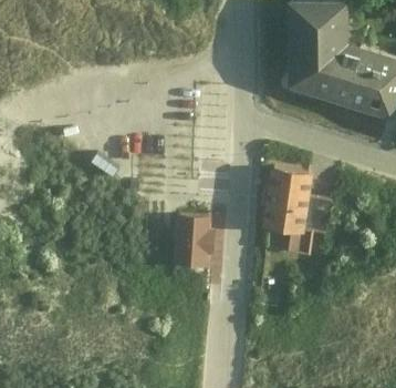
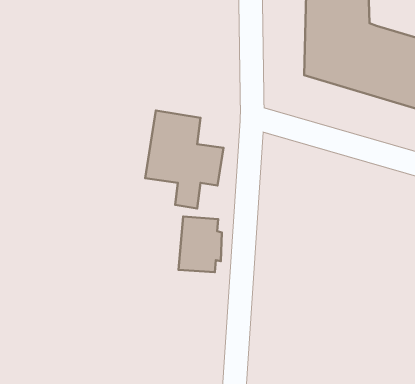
building: [260,167,332,257] -> [145,110,224,208]

